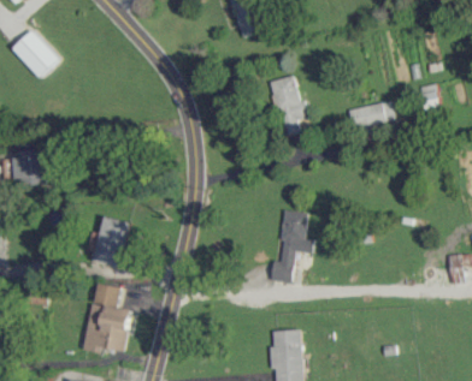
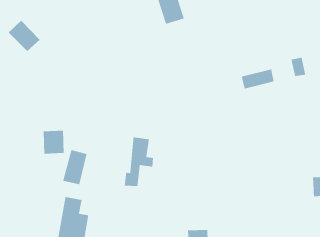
building: [271,75,306,136] -> none
building: [14,149,46,184] -> [43,130,65,154]
building: [271,209,314,281] -> [124,136,154,187]

